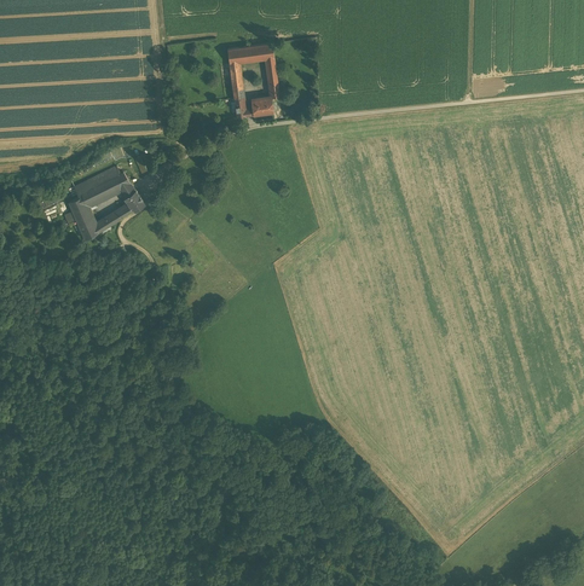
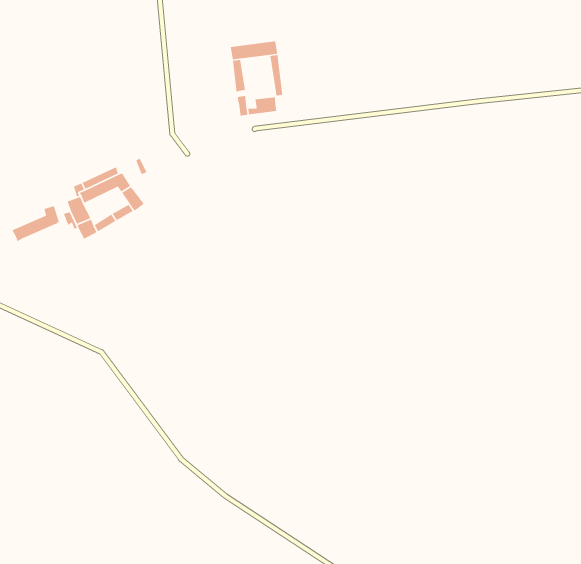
building: none -> [12,205,60,242]

